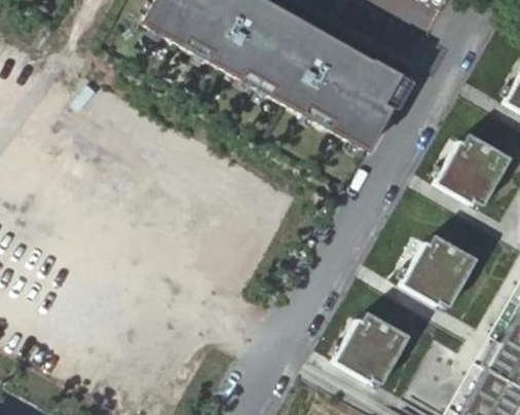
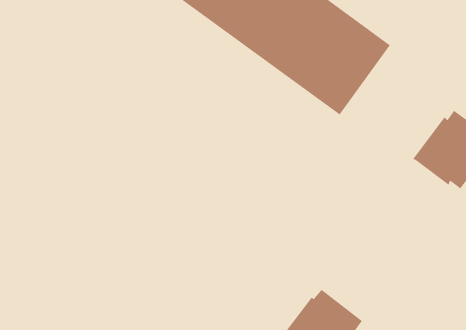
building: [404,232,480,305] -> none

